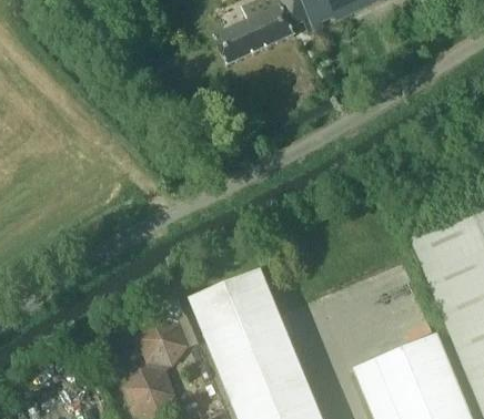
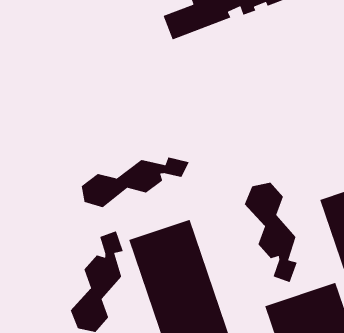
building: none -> [81,156,190,208]
building: none -> [244,182,298,283]

